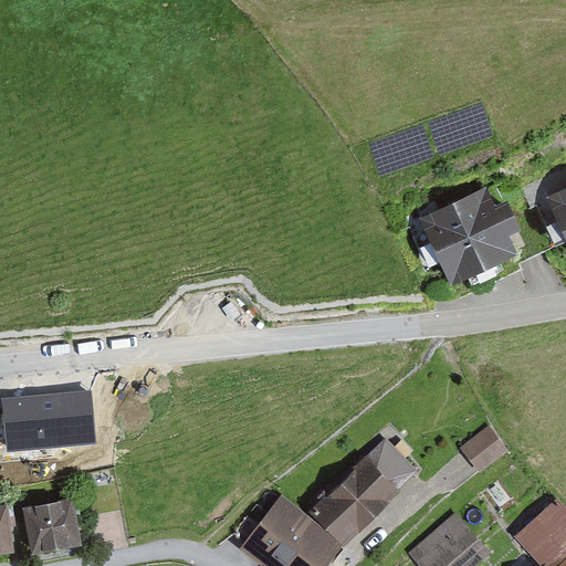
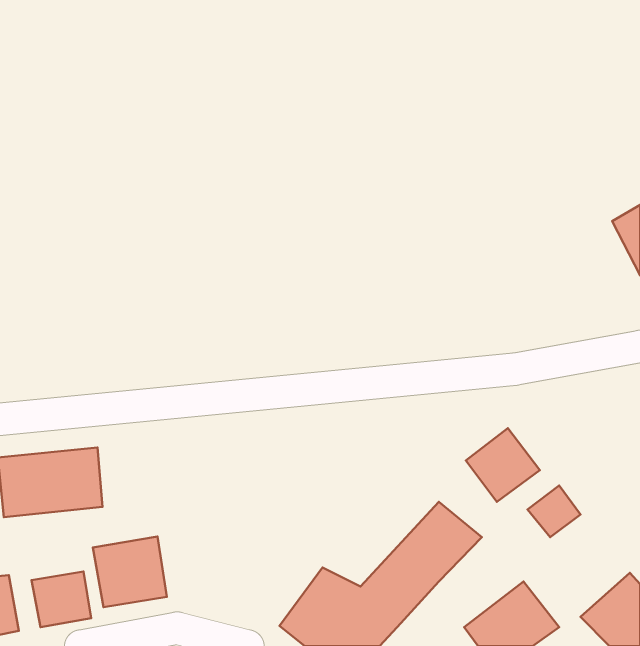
building: [406,174,525,289] -> none
building: none -> [466,428,540,502]
building: none -> [93,537,167,607]

